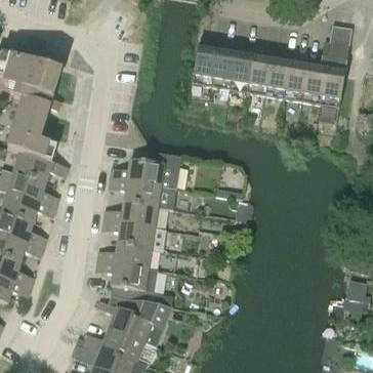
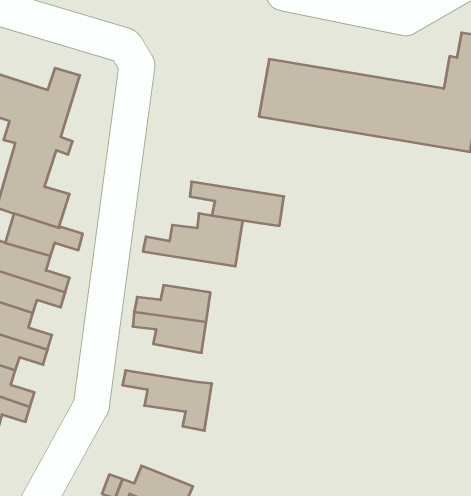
building: [108,178,173,209] -> [190,182,284,226]
building: [96,243,150,270] -> none
building: [96,300,171,342] -> none

